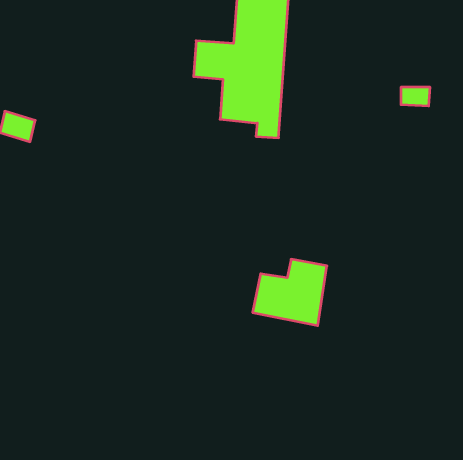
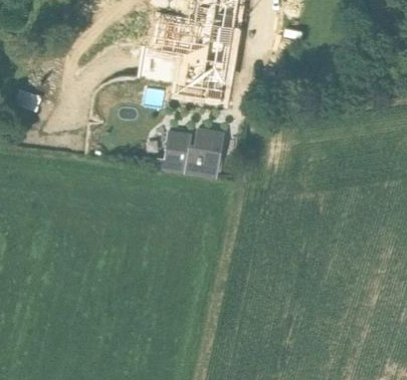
building: [253,259,327,326] -> [166,128,222,178]

